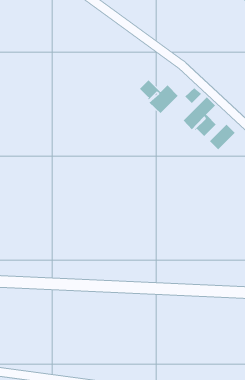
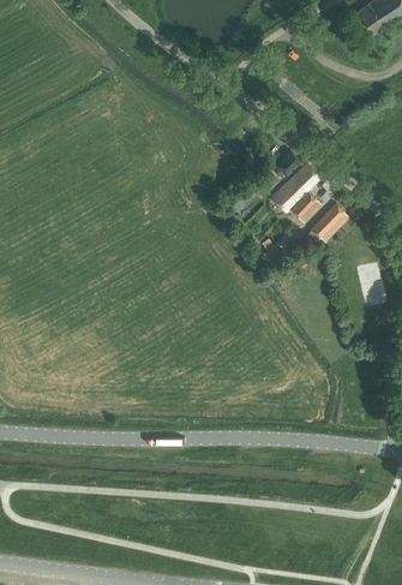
building: [139,79,178,114] -> none

